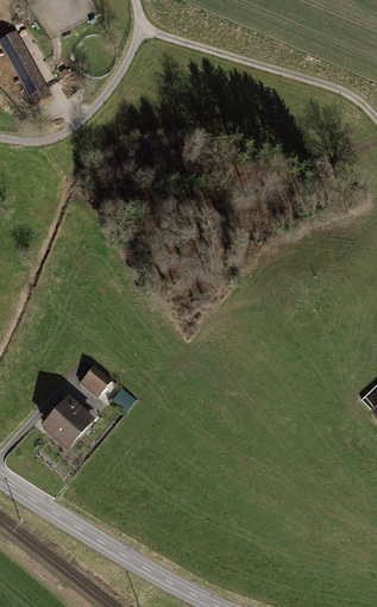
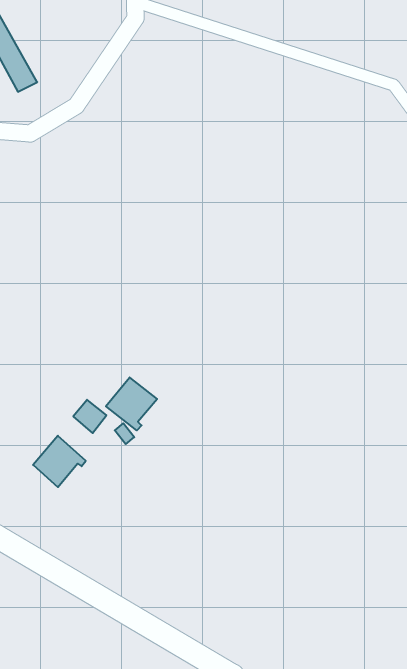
building: none -> [106,377,157,430]

